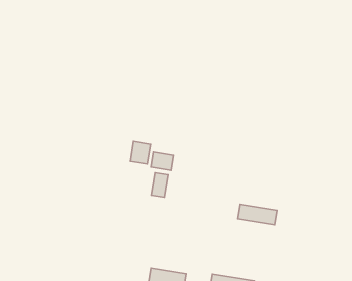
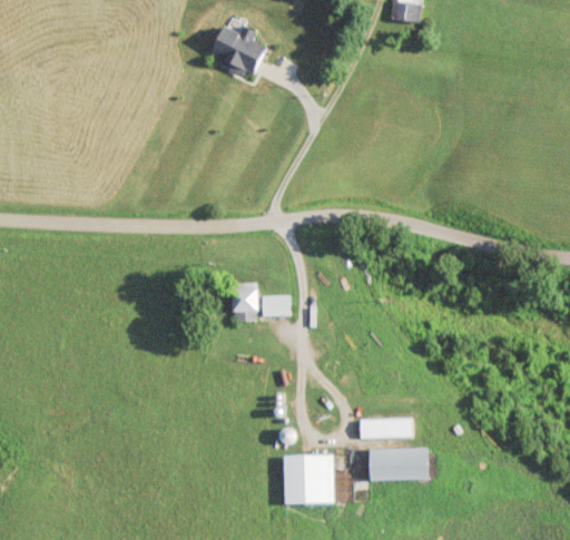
building: [152,172,168,198] -> none
building: [238,204,277,225] -> [360,419,412,439]

